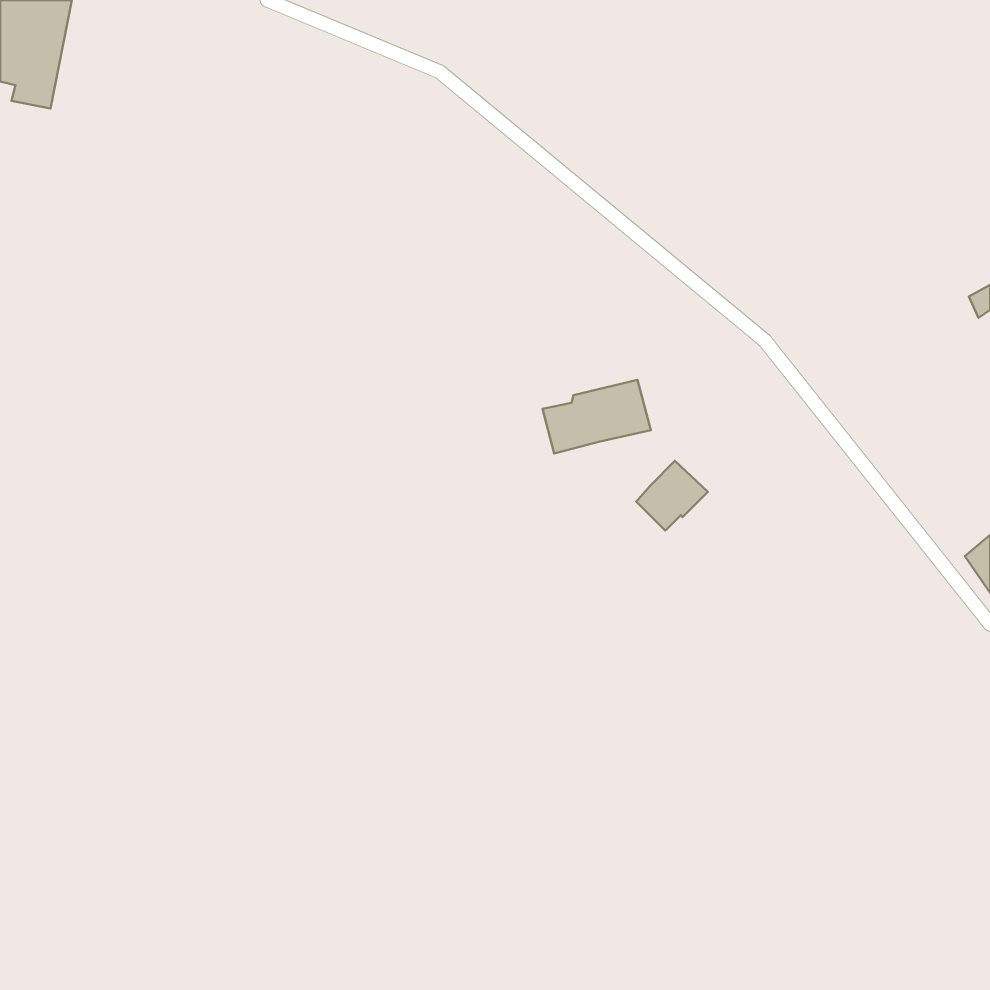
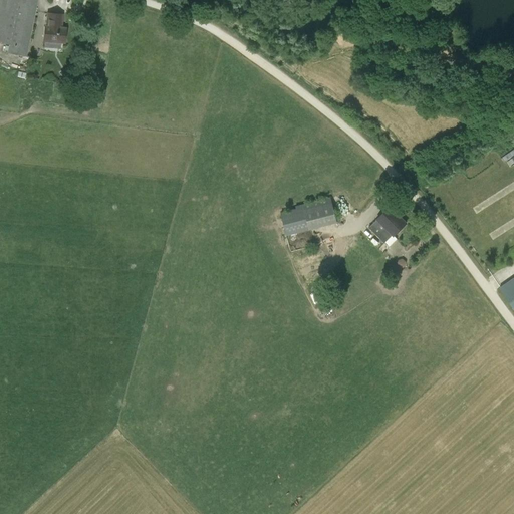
building: none -> [43,12,66,46]
building: [636,461,708,531] -> [369,207,407,243]

